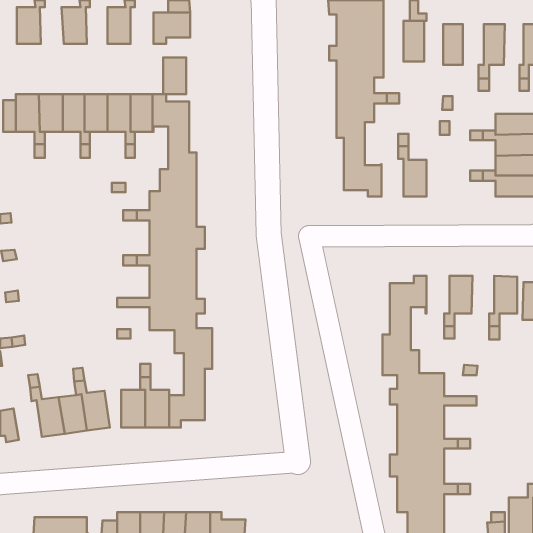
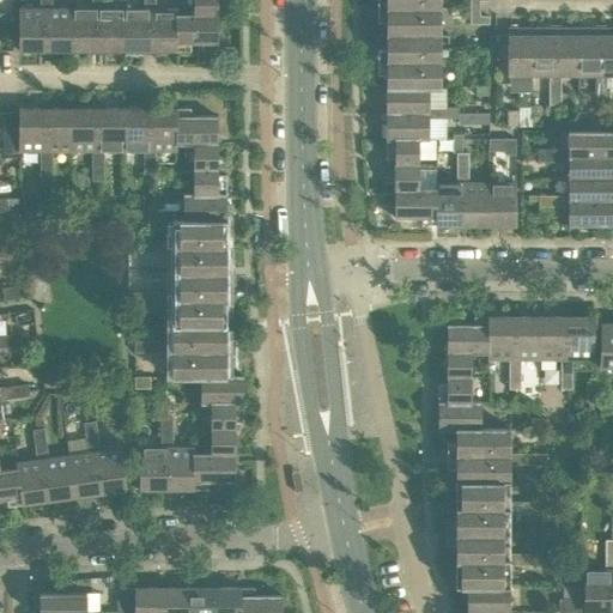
building: none -> [47,10,74,51]
building: none -> [99,10,125,51]
building: [403,21,424,62] -> [532,29,556,75]
building: none -> [578,29,601,75]
building: [163,57,186,94] -> [151,10,177,51]
building: none -> [436,183,463,226]
building: none -> [490,184,516,226]
building: none -> [490,317,516,360]
building: none -> [541,317,568,360]
building: none -> [17,460,49,505]

